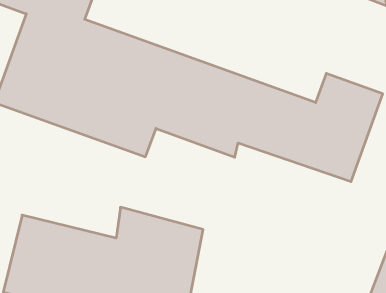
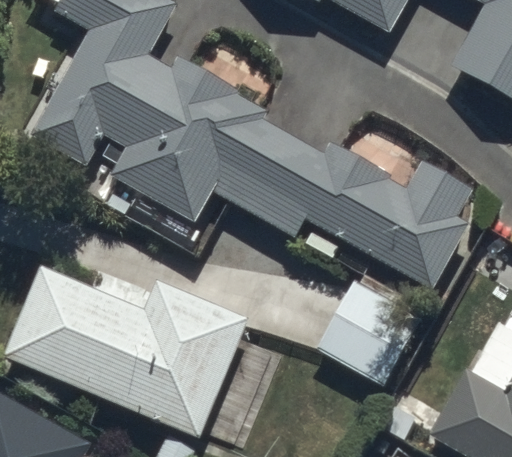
building: none -> [318,278,421,385]

